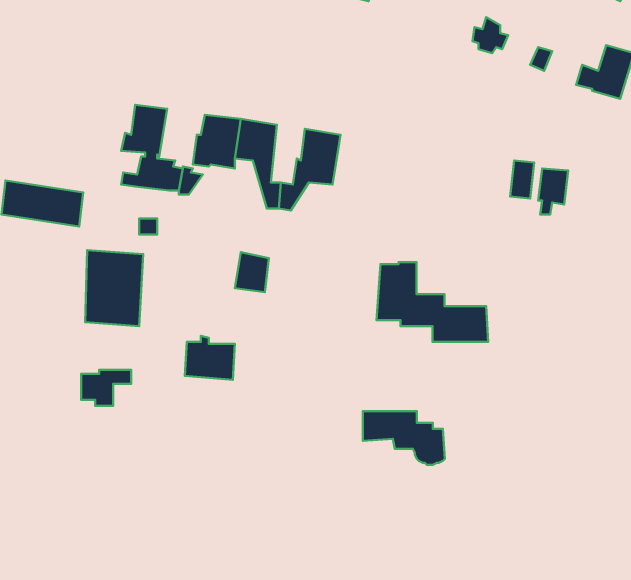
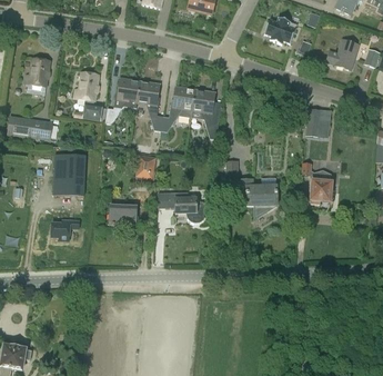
building: none -> [24,58,50,87]
building: none -> [192,89,220,139]
building: none -> [300,161,334,204]
building: [363,411,445,465] -> [158,191,203,221]

